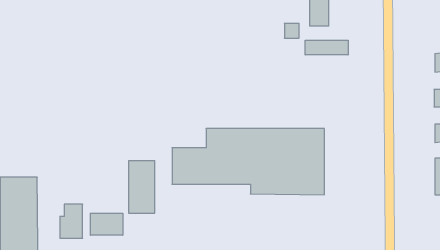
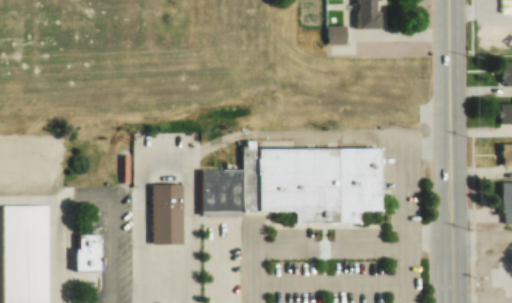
building: [305,40,348,55] -> none
building: [90,213,123,235] -> none

